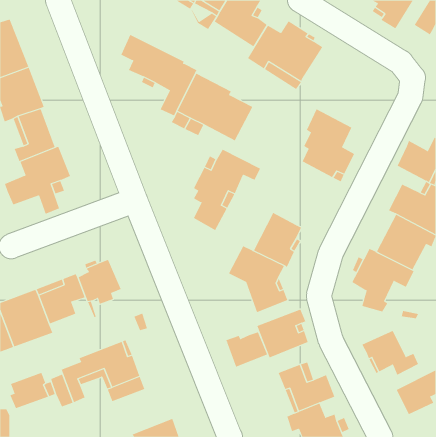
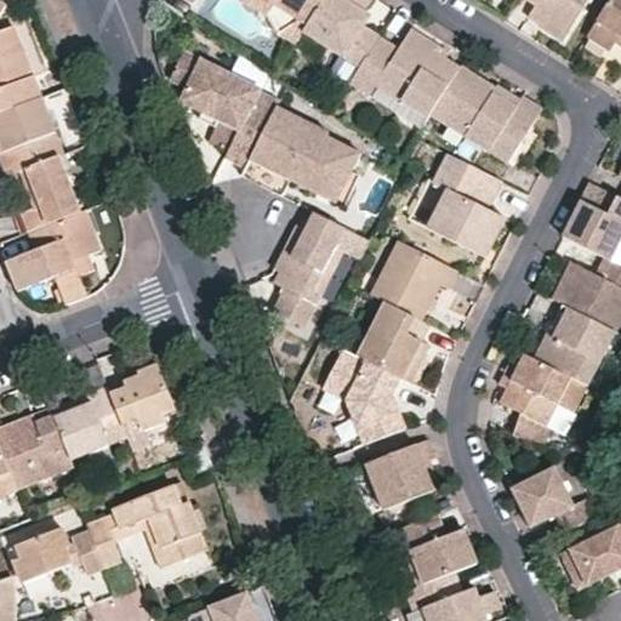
building: none -> [429,65,542,163]
building: none -> [371,240,460,319]
building: [225,331,268,367] -> none

